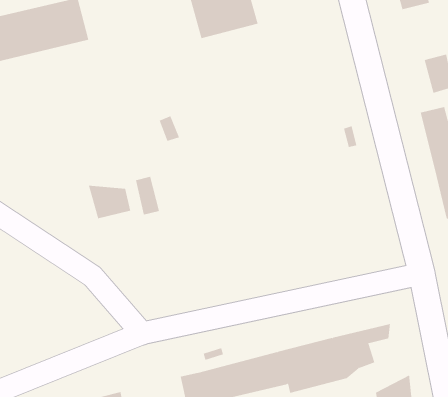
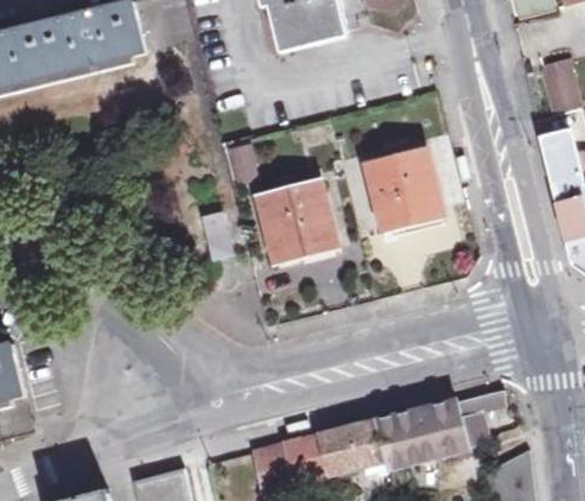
building: none -> [367,152,440,226]
building: none -> [260,183,332,256]
building: [88,185,131,219] -> none

